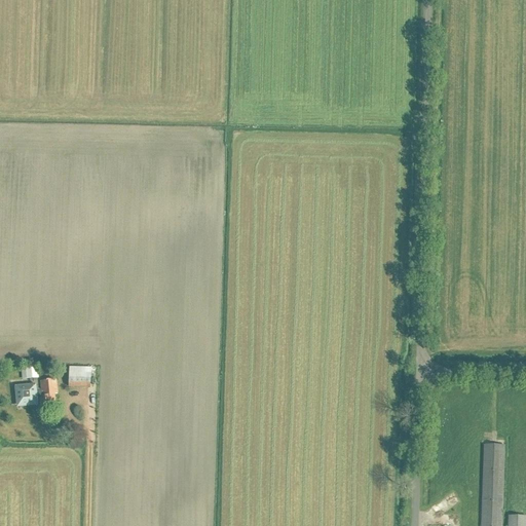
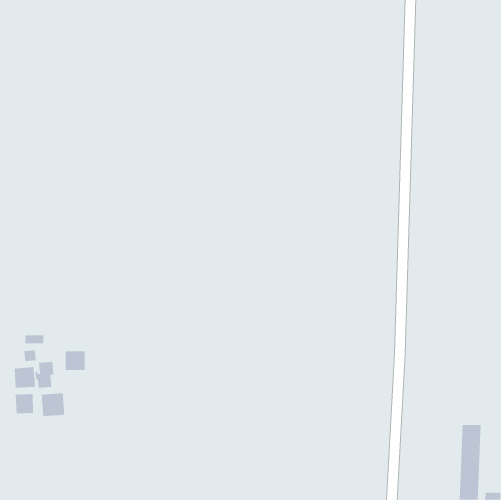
building: none -> [41,393,65,417]
building: none -> [15,393,33,414]

